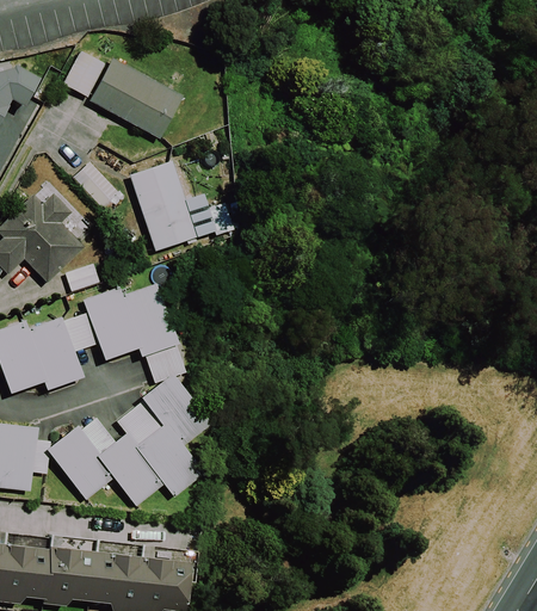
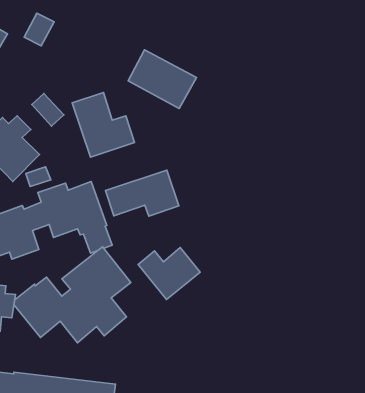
building: [88,57,183,138] -> [128,50,196,108]
building: none -> [105,170,179,216]
building: none -> [138,248,200,299]

